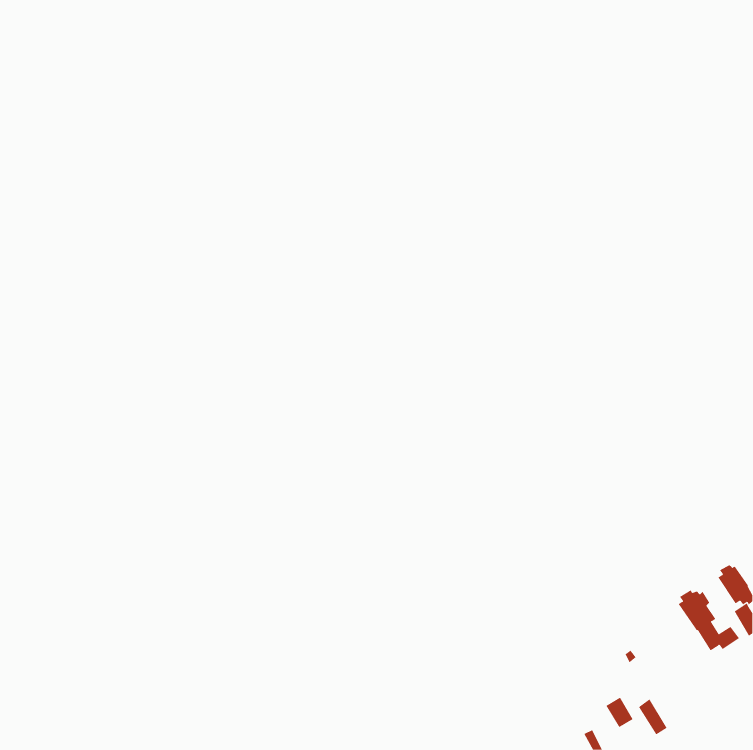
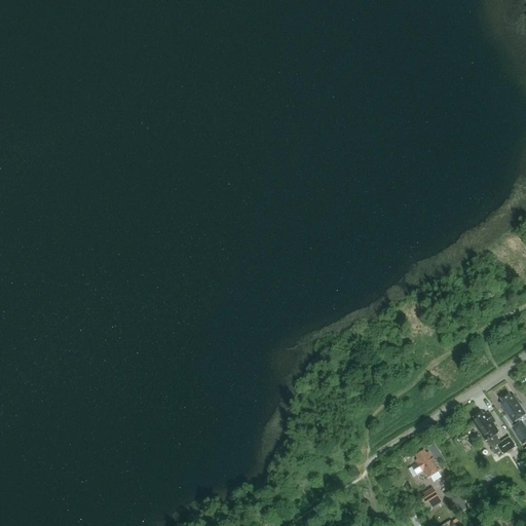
building: none -> [412,450,441,478]

